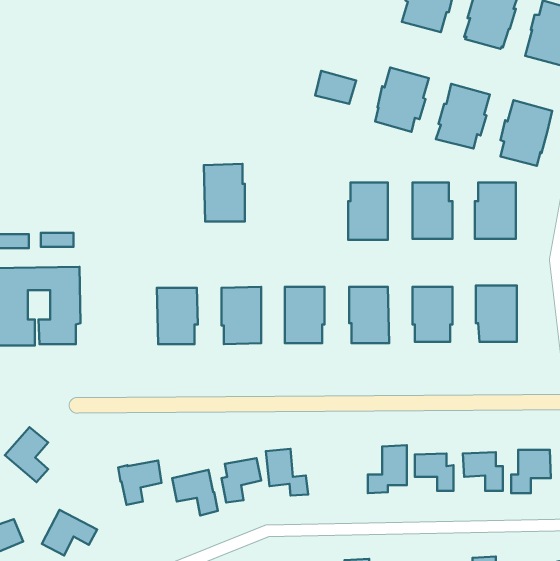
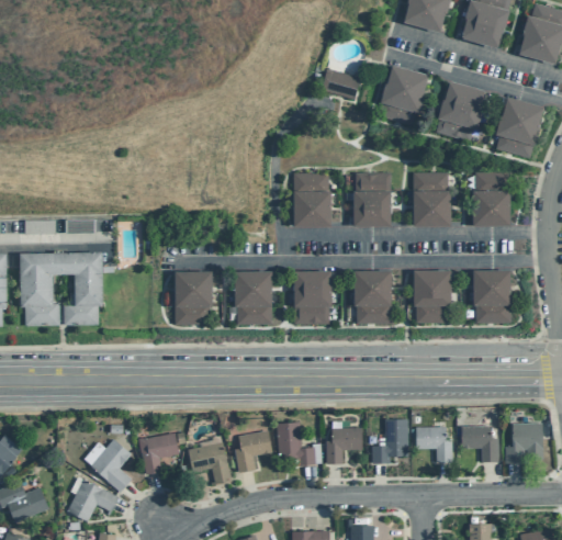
building: [204,164,245,221] -> [293,172,331,226]
building: [5,427,48,482] -> [91,439,132,491]
building: none -> [326,427,362,463]

